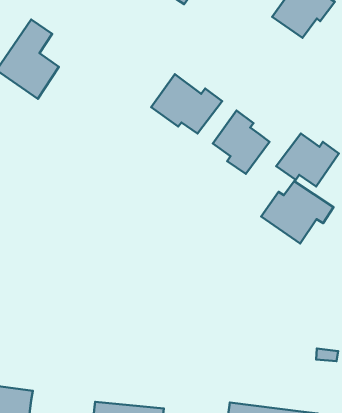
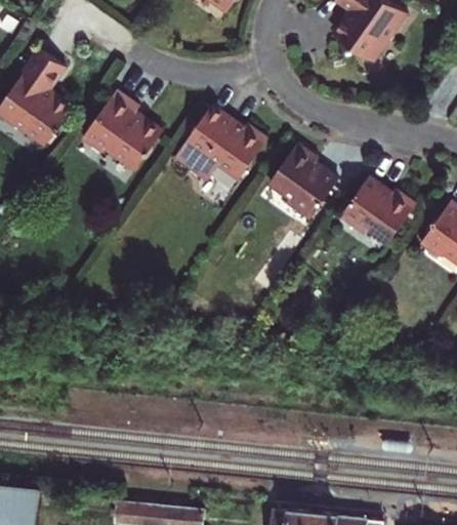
building: none -> [82,90,162,168]
building: [261,181,334,244] -> none

